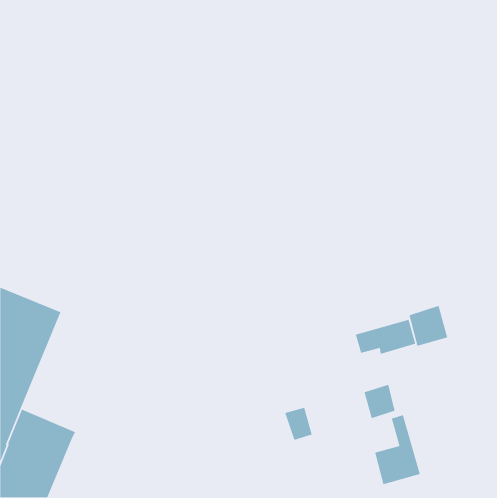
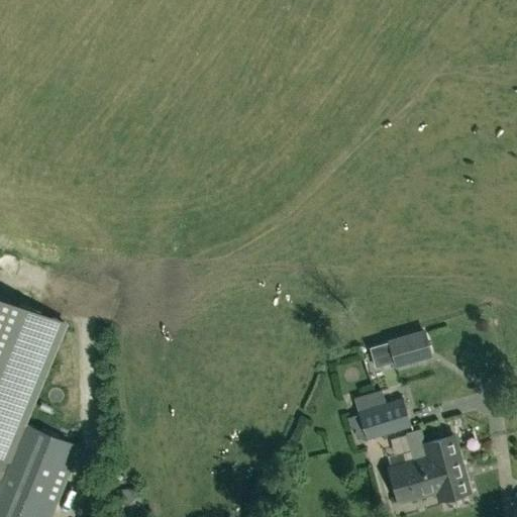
building: [409,305,448,347] -> none
building: [284,407,338,441] -> [355,406,411,441]
building: none -> [418,429,469,501]

